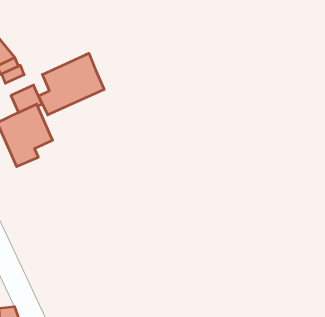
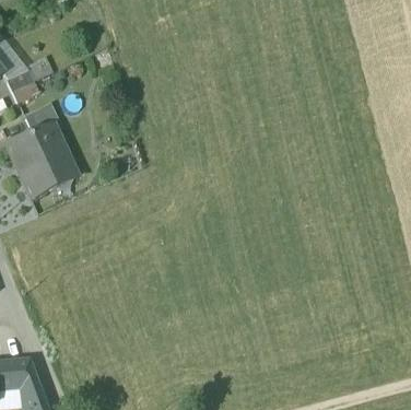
building: [38,53,104,115] -> none

